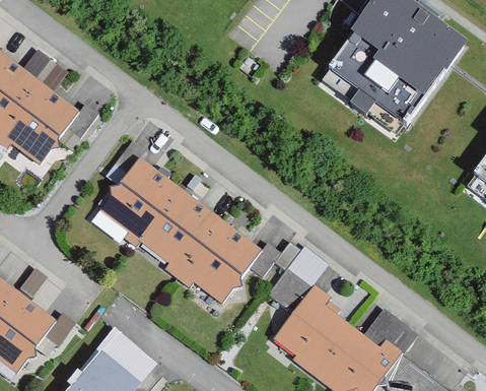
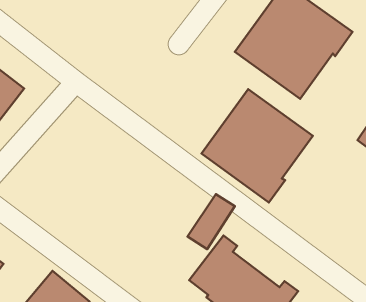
building: none -> [201,89,313,202]
building: [99,159,261,303] -> none

